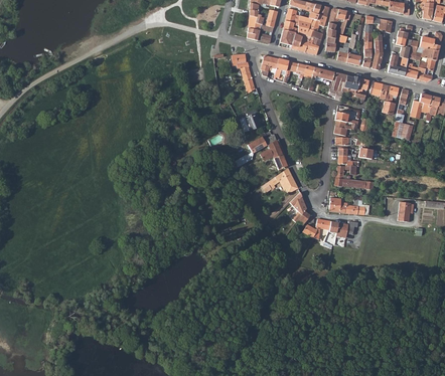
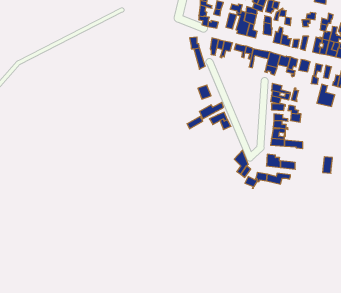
building: [261,166,298,191] -> none

